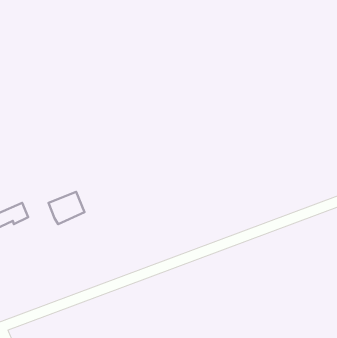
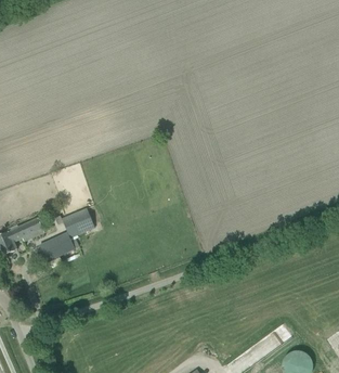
building: none -> [40,231,75,259]

